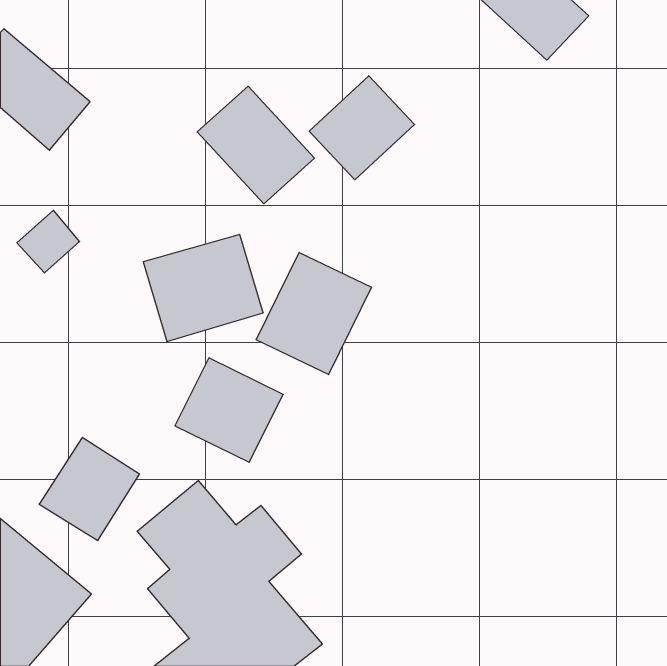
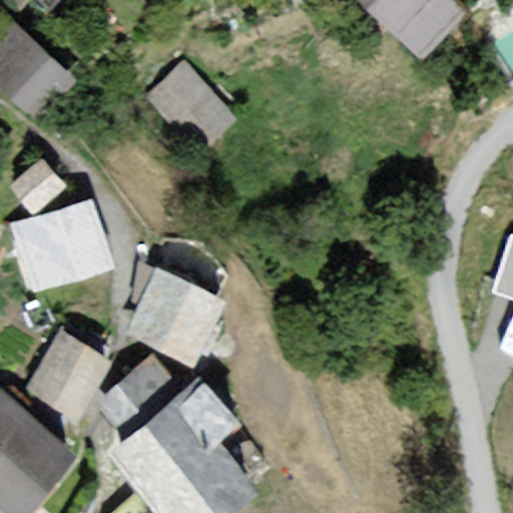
building: [309,76,415,180] -> none
building: [143,234,263,341] -> [15,204,107,287]
building: [256,252,371,375] -> none

